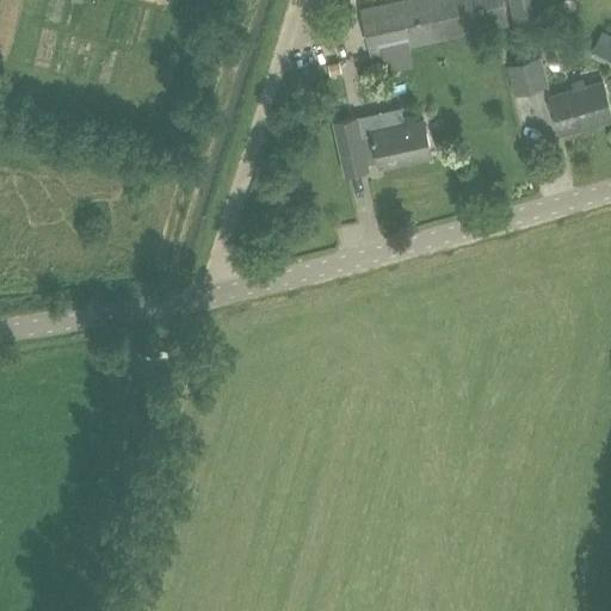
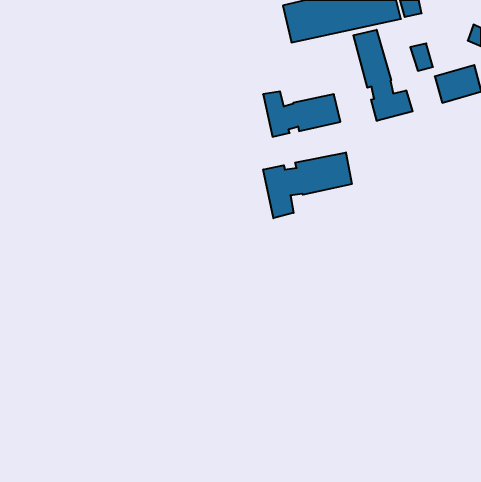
building: none -> [353,30,413,121]
building: none -> [263,152,352,218]

